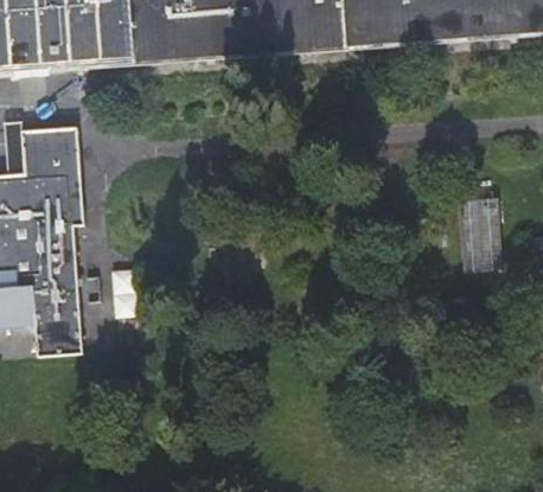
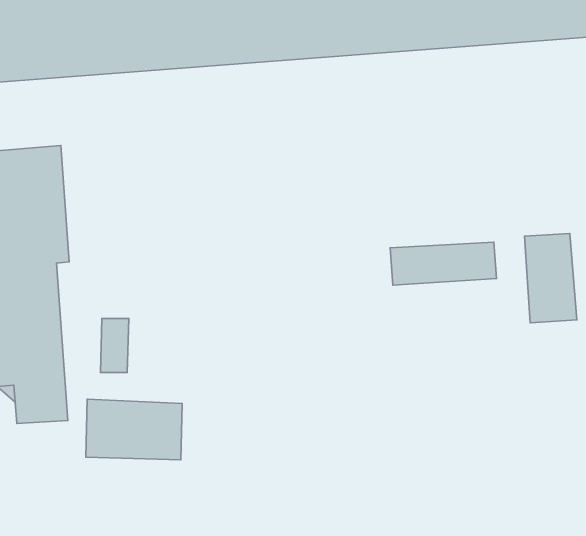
building: none -> [390,242,496,285]
building: none -> [86,399,182,460]

